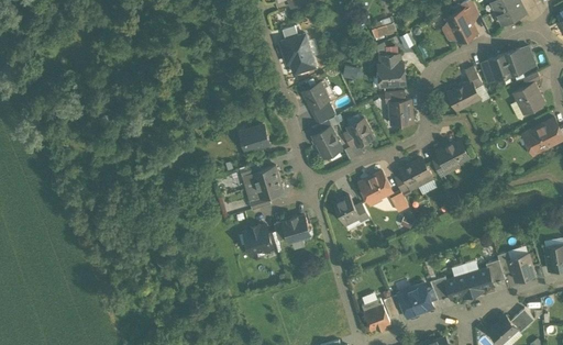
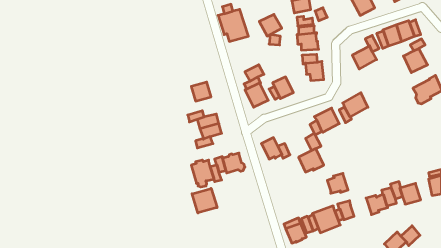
building: [300,82,329,110] -> [259,14,282,36]
building: [358,171,390,201] -> [299,149,324,172]
building: none -> [192,188,217,213]
building: [445,272,472,298] -> [327,173,348,193]

